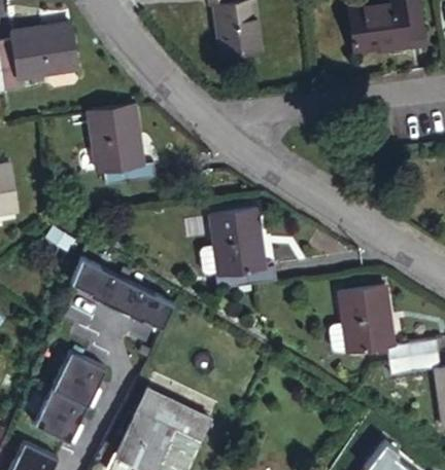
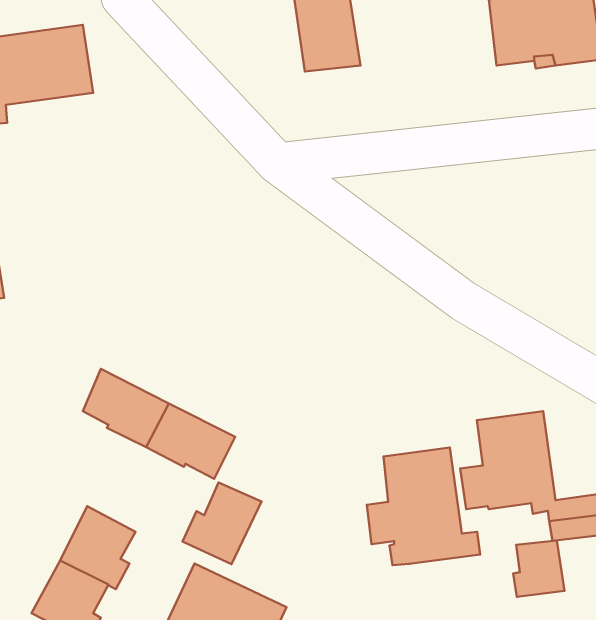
building: [89,103,153,183] -> none
building: [199,208,276,288] -> [367,447,480,565]
building: none -> [183,482,261,564]
building: none -> [513,540,564,597]

